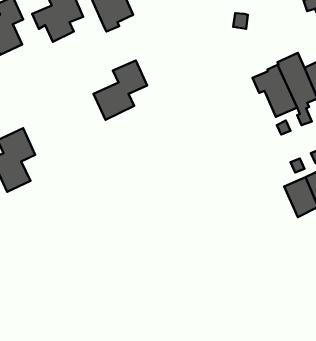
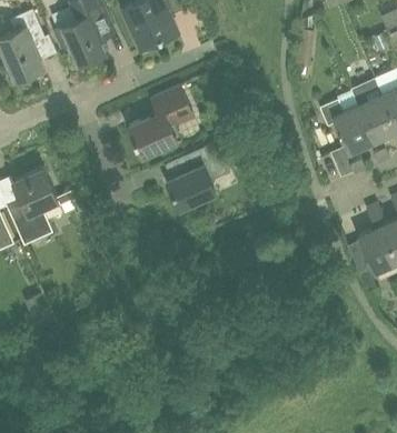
building: none -> [167,142,228,208]

